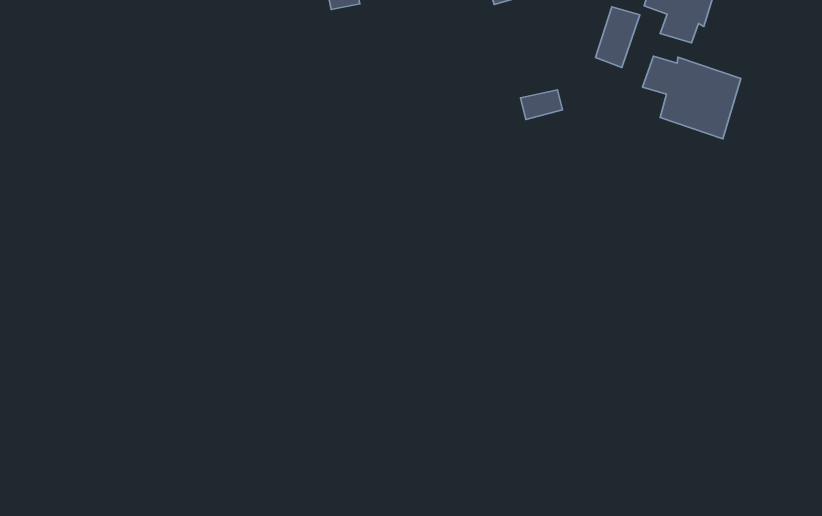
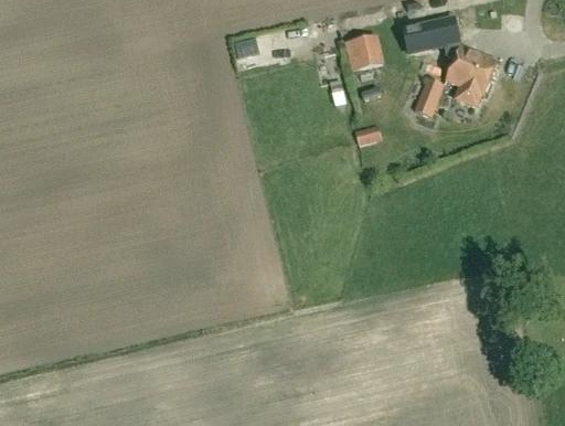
building: [643,56,741,139] -> none

